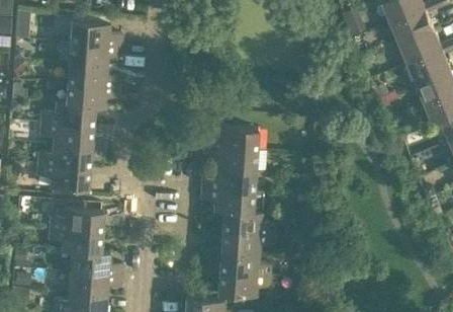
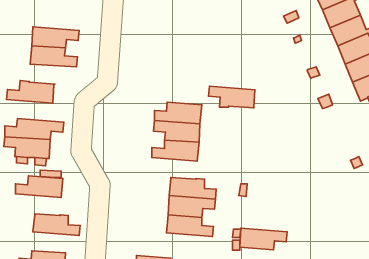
building: [70,22,121,48] -> none
building: [66,85,118,109] -> none
building: [40,125,105,150] -> none
building: [201,189,253,214] -> [209,86,255,108]
building: [50,230,101,254] -> none
building: [69,272,121,296] -> none
building: [217,274,270,298] -> [240,228,287,250]

